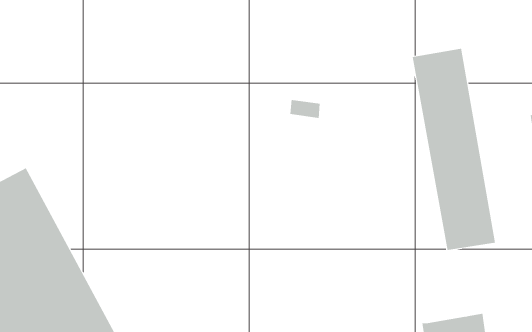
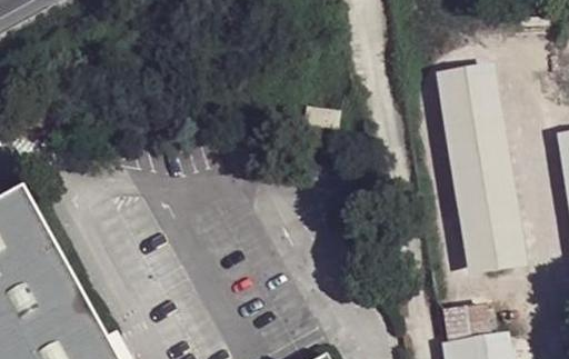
building: none -> [445,311,490,349]

